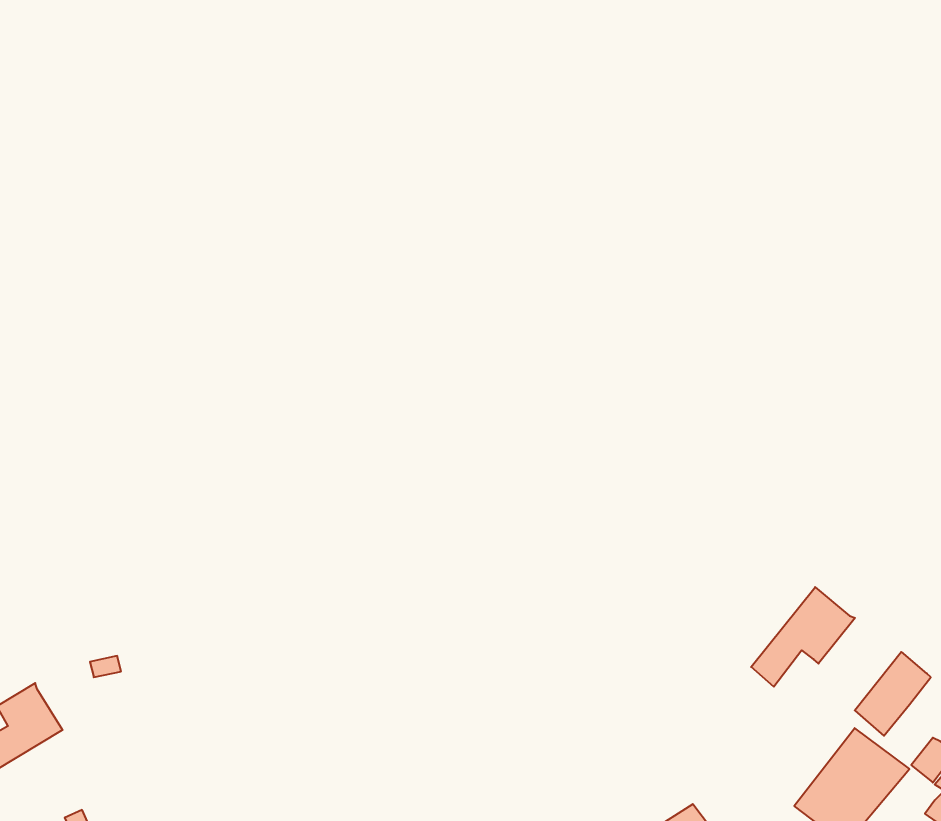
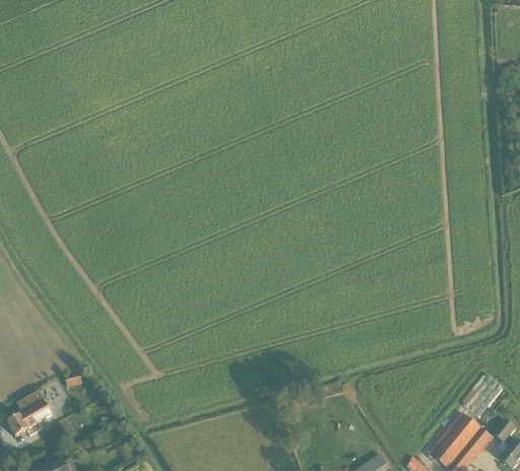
building: [751,587,855,687] -> none

